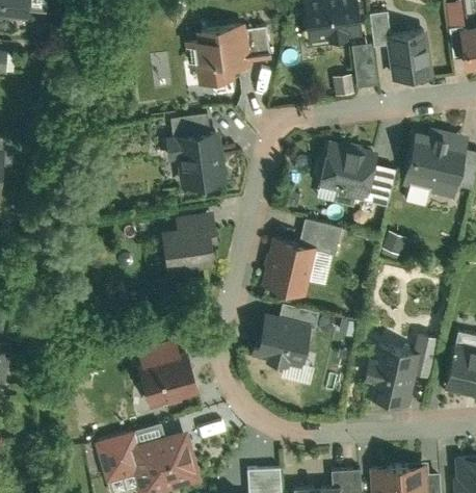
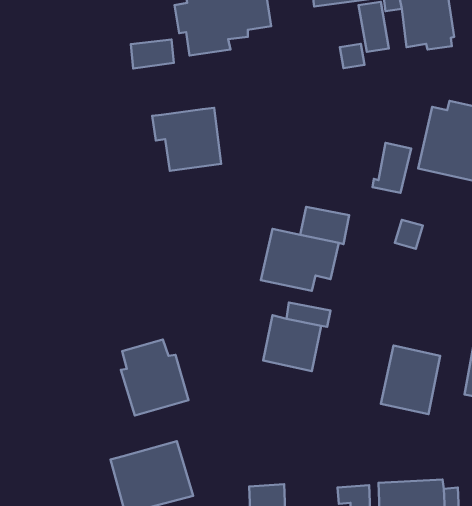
building: [171,113,210,139] -> [131,39,174,69]
building: [318,141,376,198] -> none
building: [159,213,219,275] -> none
building: [94,430,139,479] -> none

